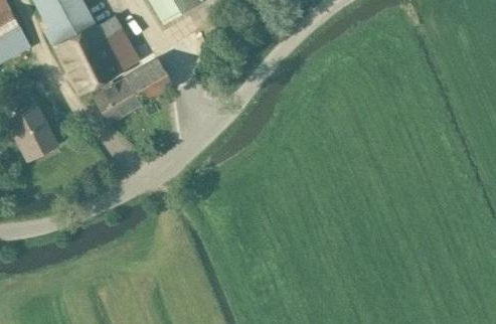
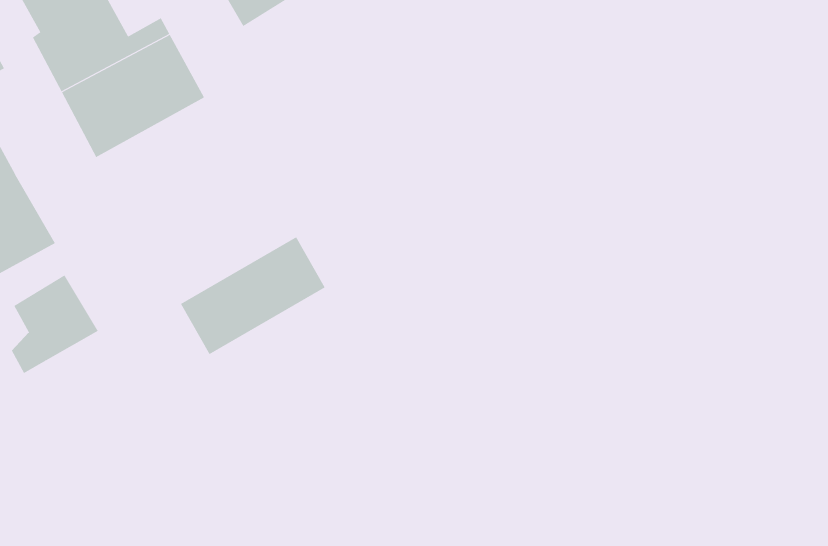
building: [93,59,173,125] -> [180,236,326,355]
building: none -> [11,275,98,374]

